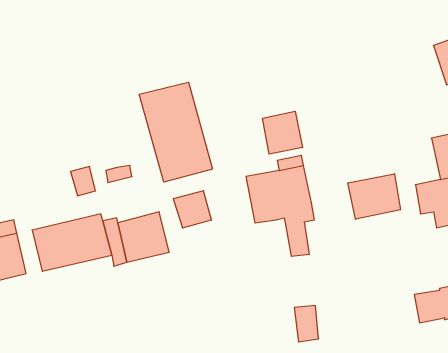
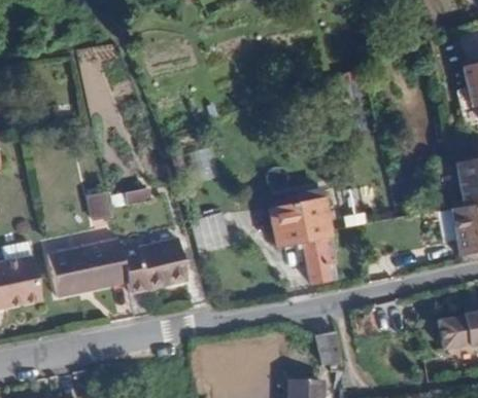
building: [139,82,212,182] -> none
building: [263,111,303,154] -> none
building: [348,174,401,219] -> none

